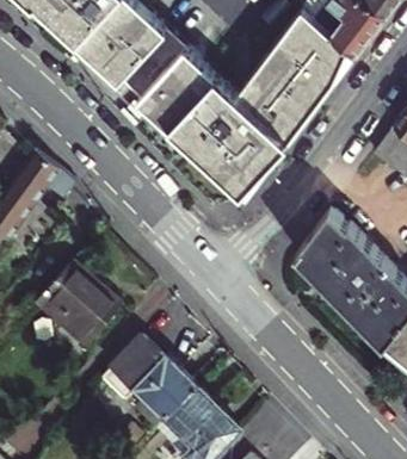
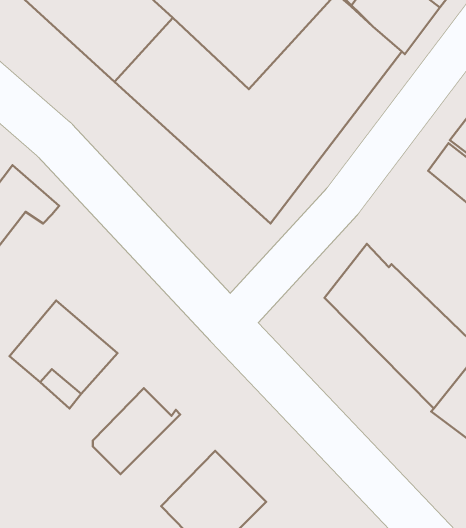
building: [134,353,201,428] -> none

